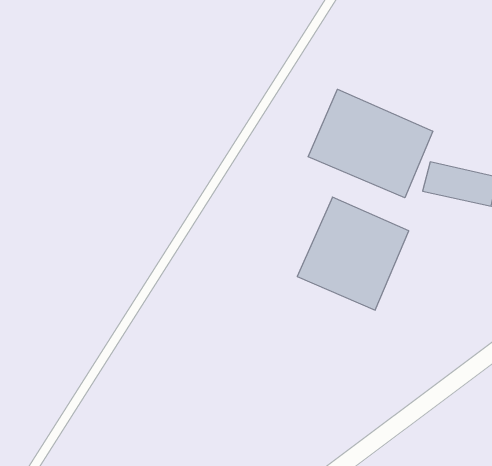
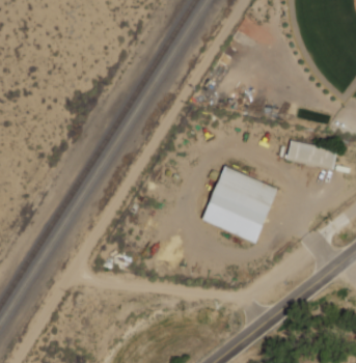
building: [308,89,433,198] -> none

